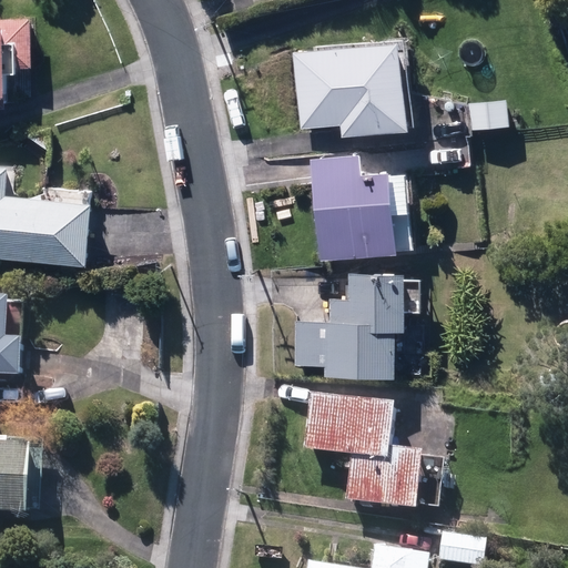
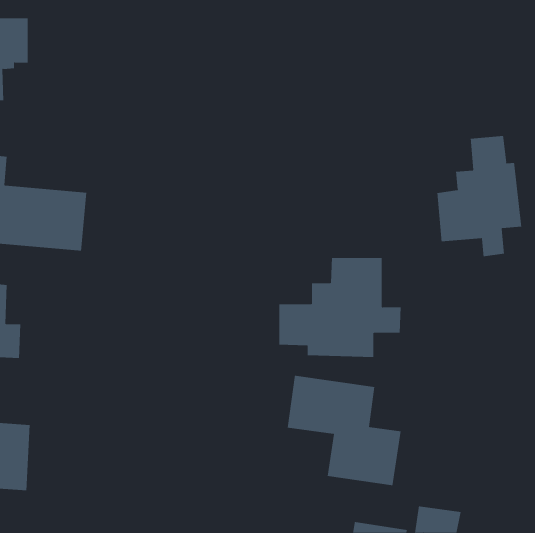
building: [293,42,407,135] -> none
building: none -> [437,135,522,257]
building: [310,154,409,260] -> none

